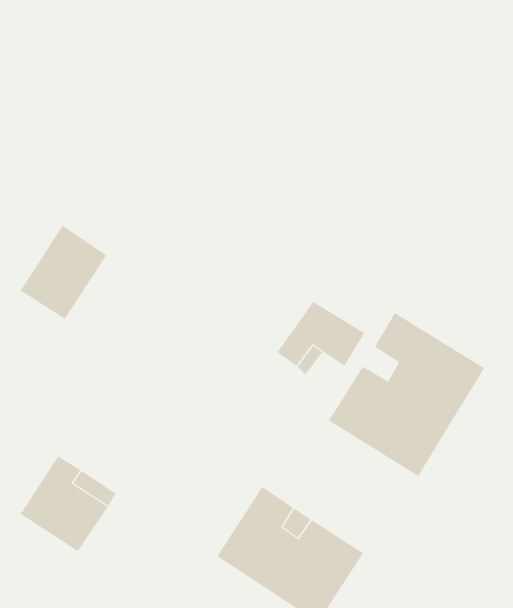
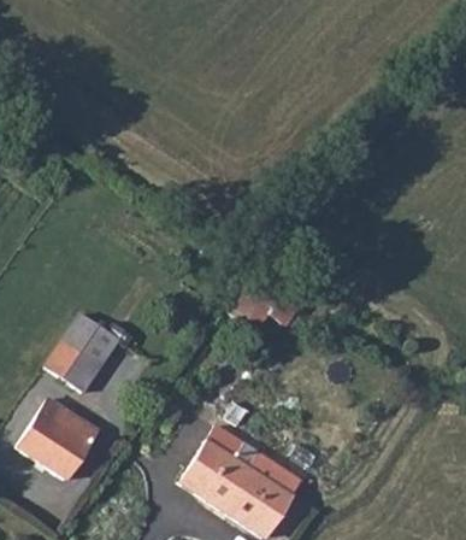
building: [20,225,107,320] -> [47,313,119,392]
building: [328,312,485,477] -> none

